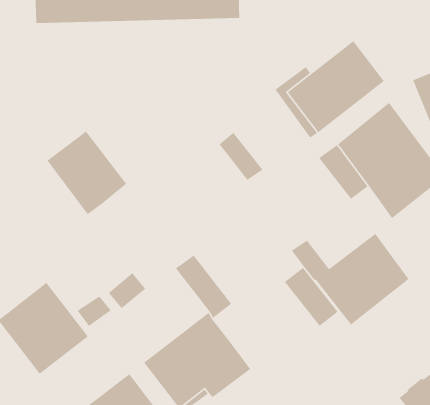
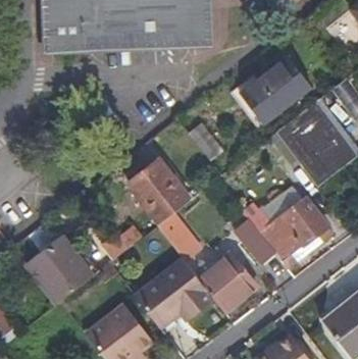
building: [47,131,127,215] -> [127,159,188,222]
building: none -> [197,253,255,313]

